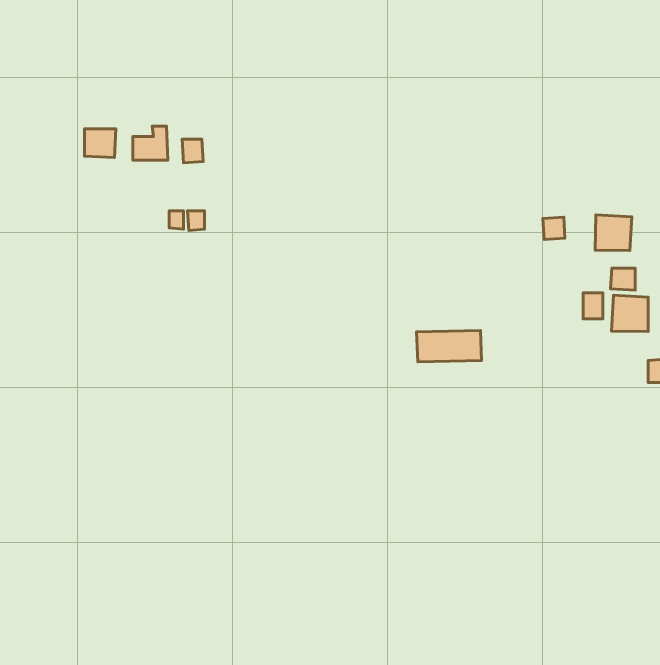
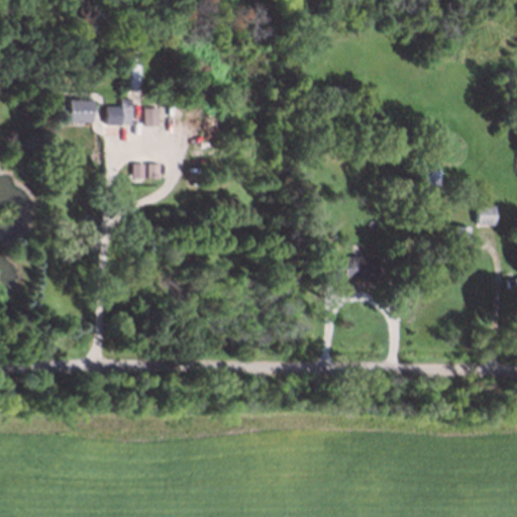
building: [595,215,632,250] -> none
building: [612,295,648,332] -> none

